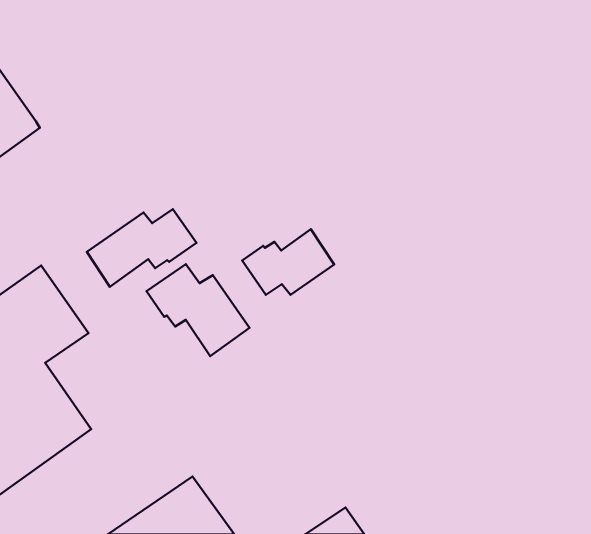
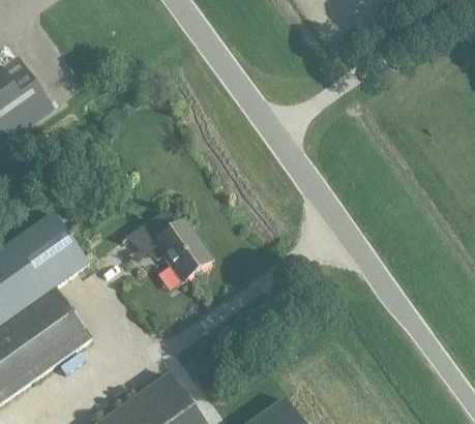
building: [87,209,197,287] -> none
building: [242,229,334,295] -> none

